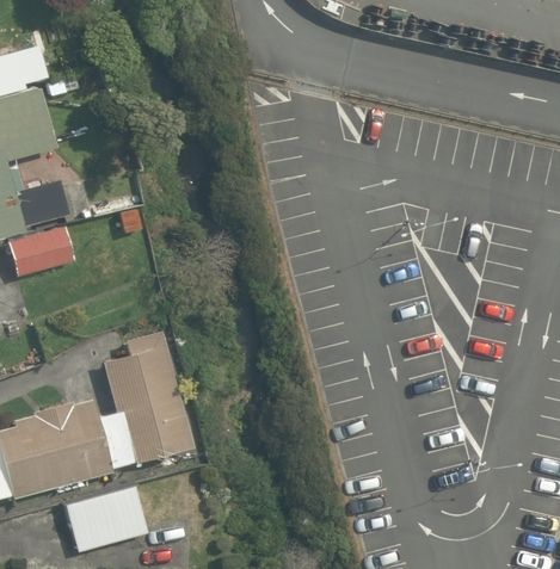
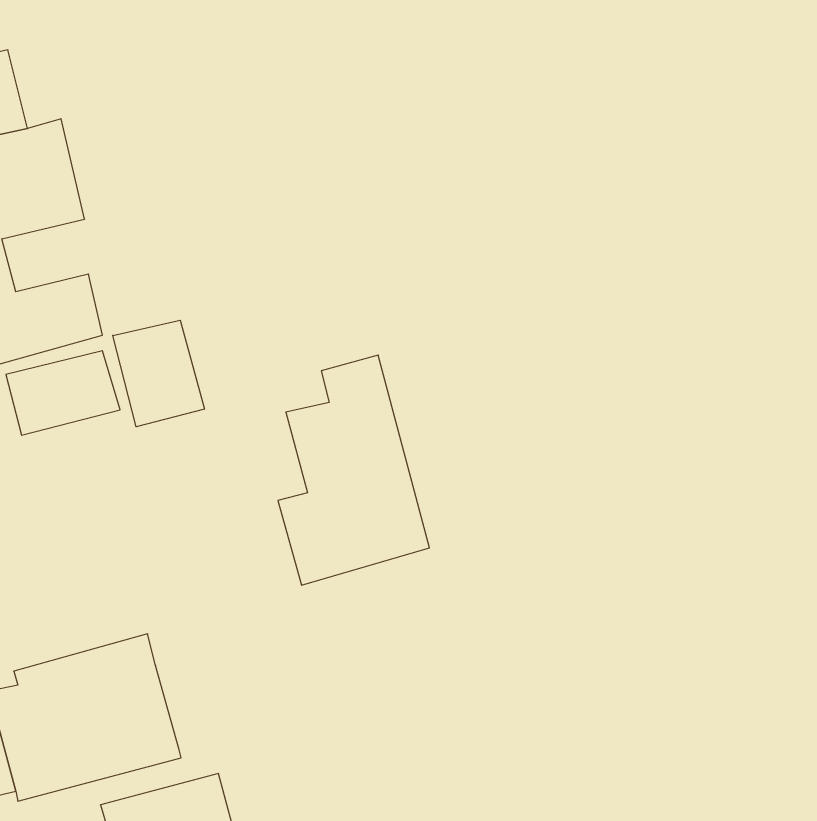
building: none -> [113,320,205,427]
building: [99,329,191,469] -> [278,355,429,585]

